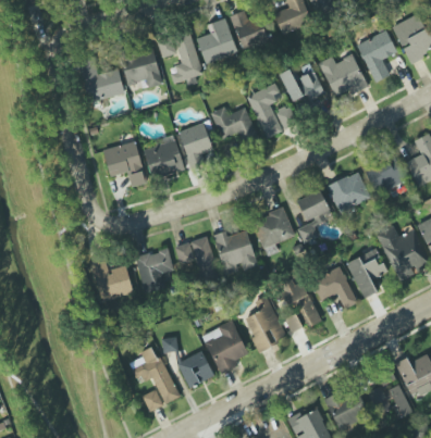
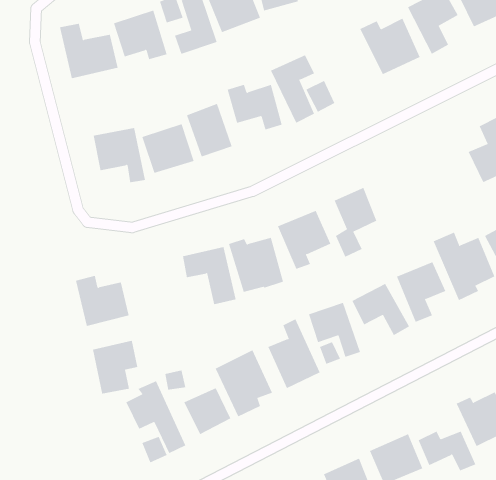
building: [280,66,324,107] -> none
building: [365,155,405,193] -> none
building: [325,171,370,213] -> none
building: [136,248,173,291] -> [92,340,138,394]

